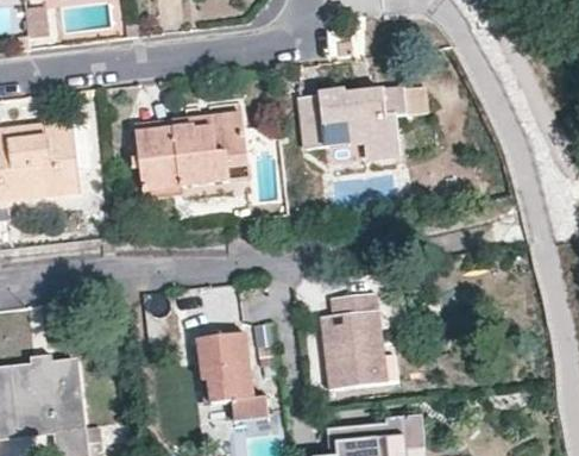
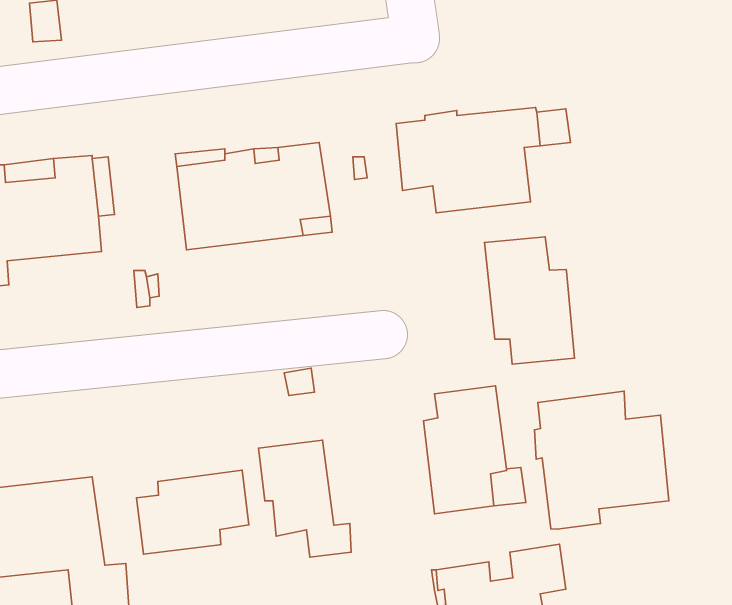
building: none -> [485,237,575,364]
building: none -> [535,391,669,529]
building: none -> [137,470,249,554]

